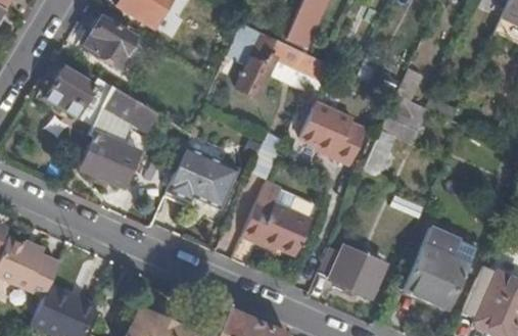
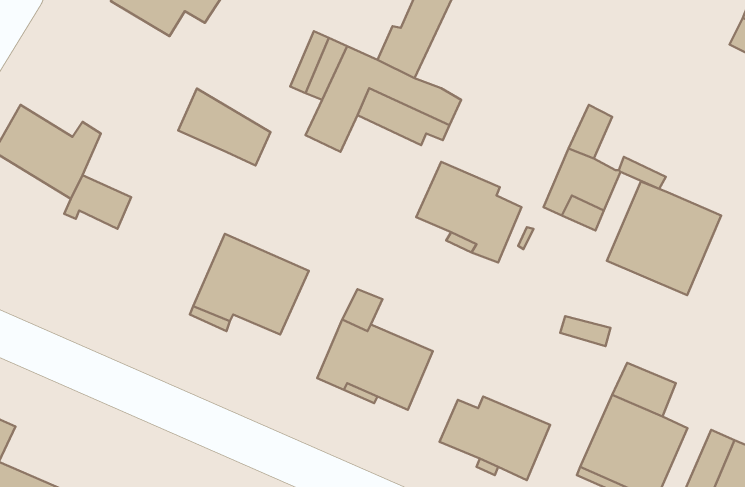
building: [86,15,135,64] -> none
building: [100,85,156,132] -> [178,89,270,166]
building: none -> [607,181,721,295]
building: [82,132,140,187] -> none

